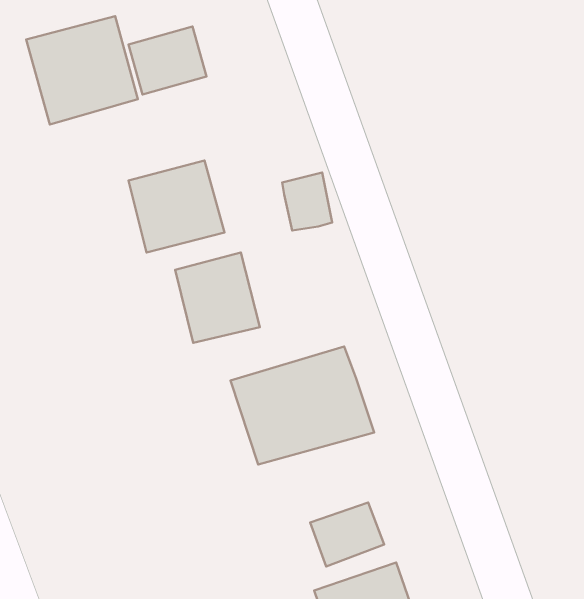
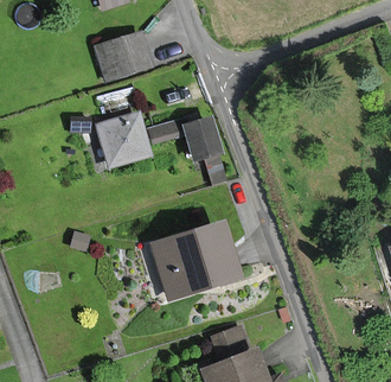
building: [26,16,138,124] -> none
building: [175,253,260,343] -> none

